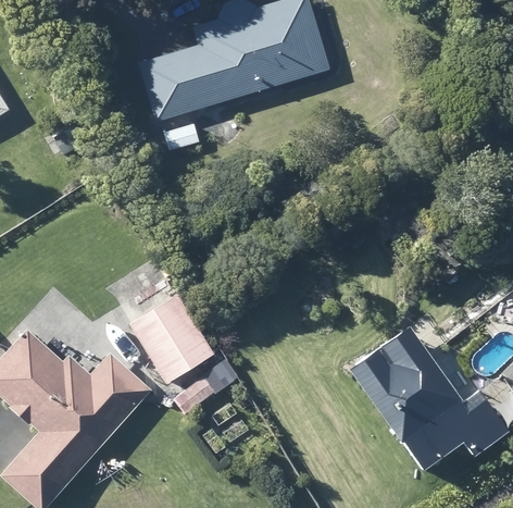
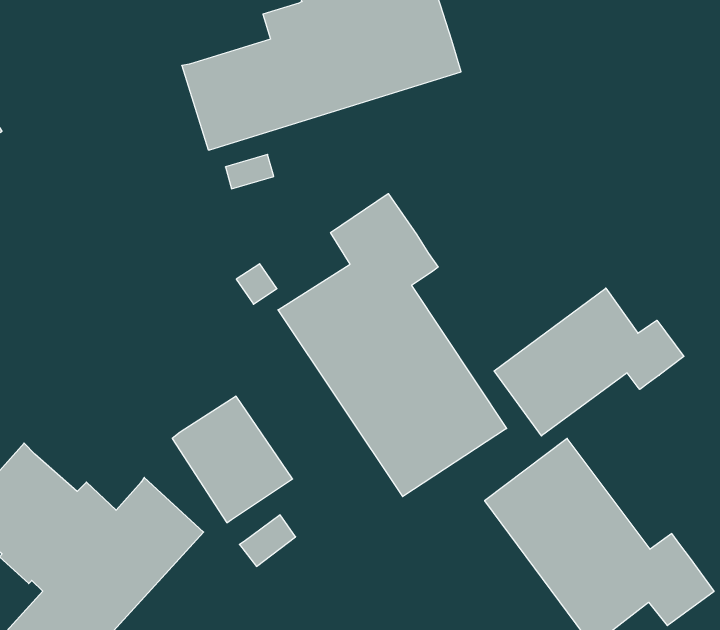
building: none -> [278,194,507,497]
building: none -> [494,288,684,436]

